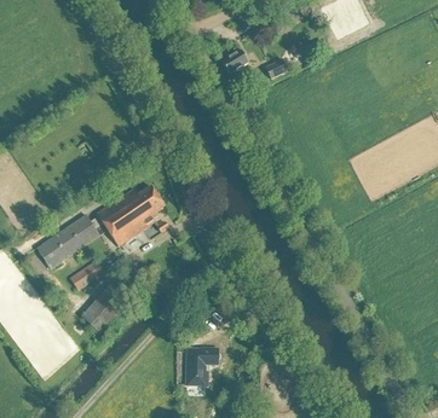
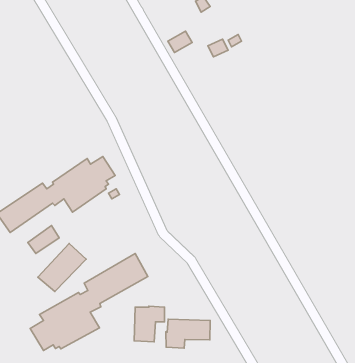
building: none -> [30,254,148,351]
building: none -> [166,319,210,348]

